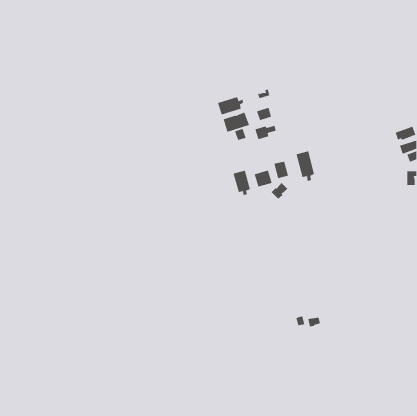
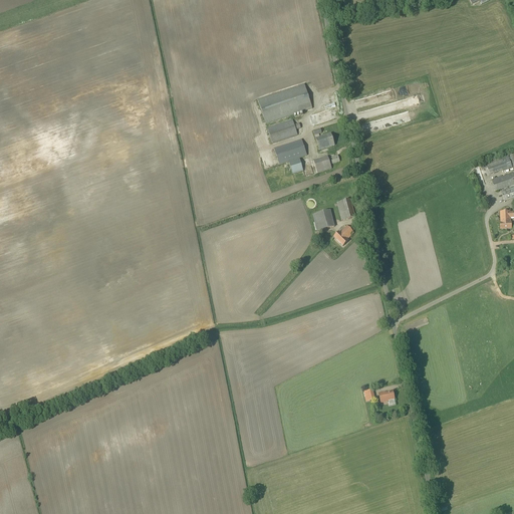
building: none -> [257,82,312,122]
building: [296,151,315,182] -> none
building: [233,170,251,196] -> none

